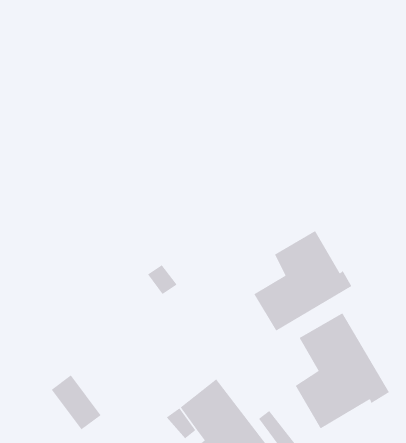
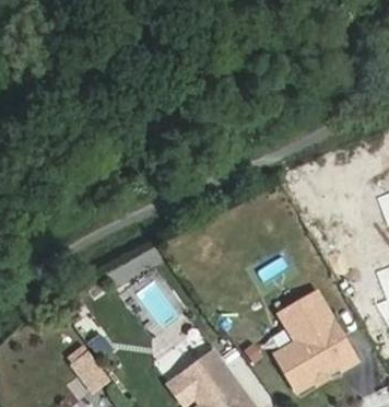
building: [254,230,352,331] -> none

